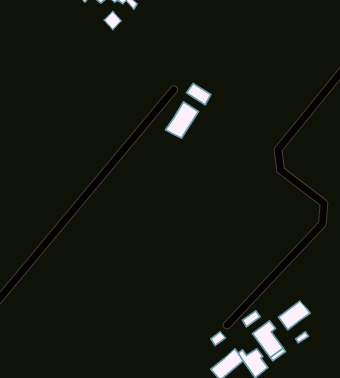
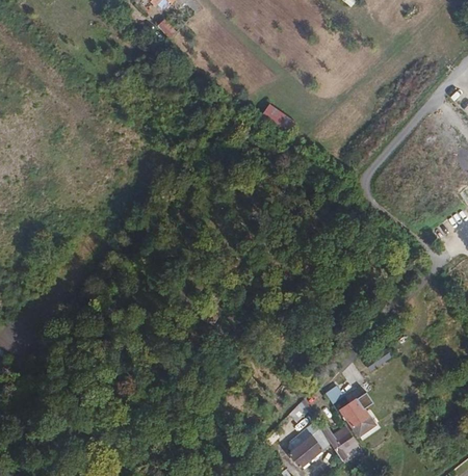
building: [166,102,199,138] -> none
building: [278,301,310,330] -> none

